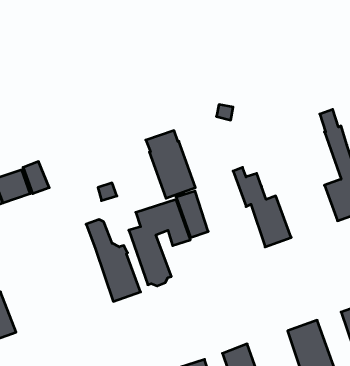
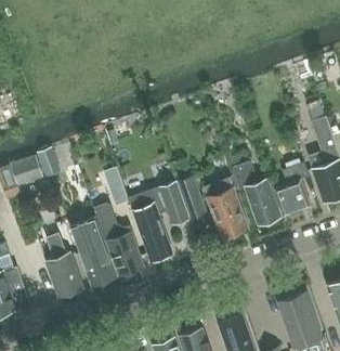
building: [146,131,195,198] -> [204,178,249,239]
building: none -> [274,164,311,217]
building: none -> [70,218,116,286]
building: none -> [45,246,83,298]

